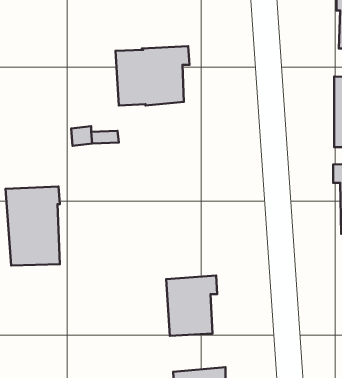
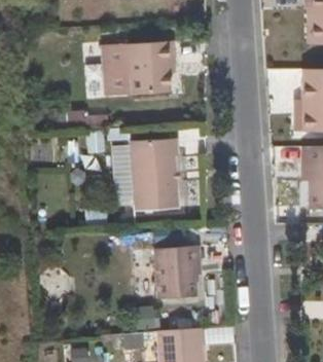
building: [5,187,60,265] -> [130,141,178,211]

